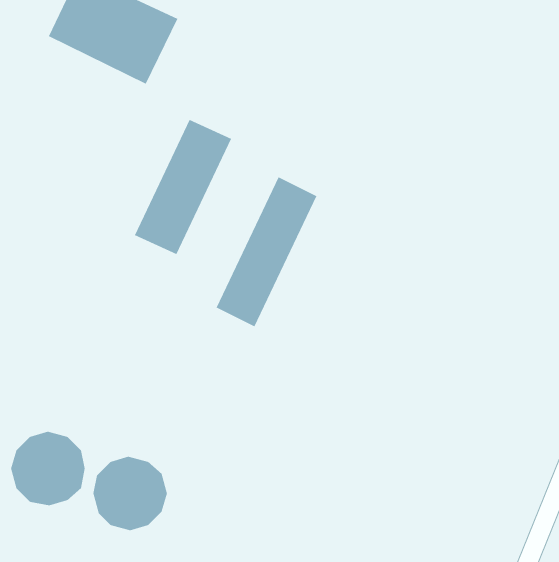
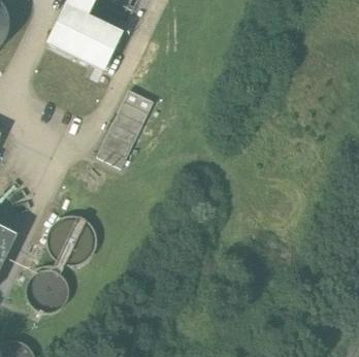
building: [215,176,318,328] -> none
building: [92,456,168,531] -> [50,218,93,261]

